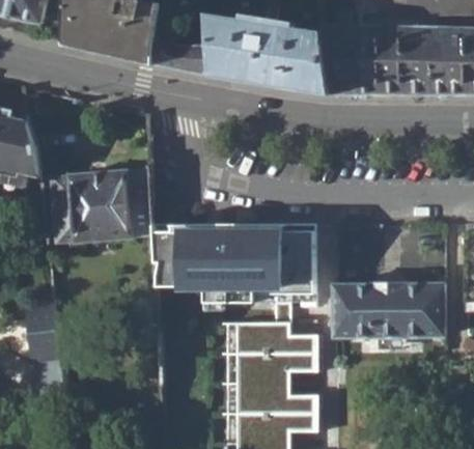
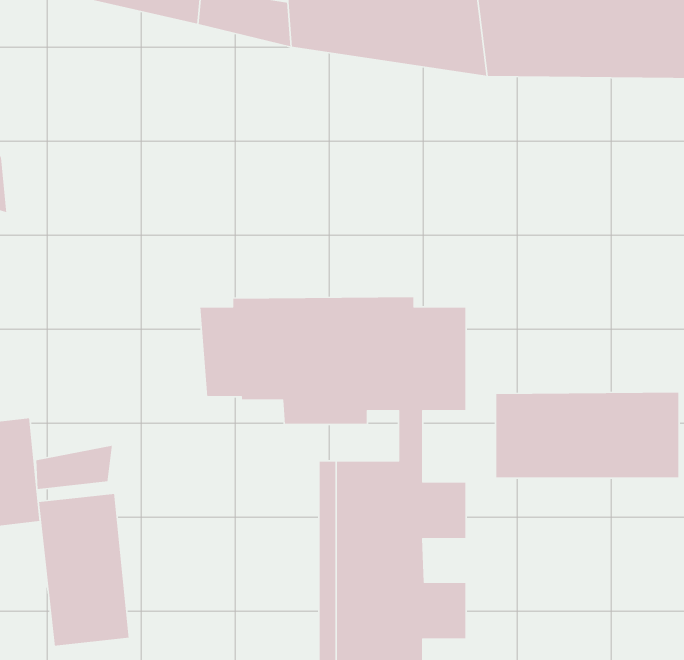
building: [48,166,152,243] -> none
building: none -> [35,445,113,490]
building: none -> [38,493,129,646]

